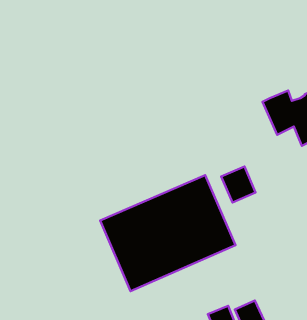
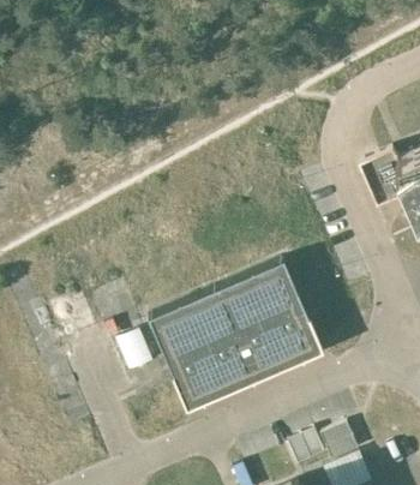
building: [221,167,256,203] -> none

